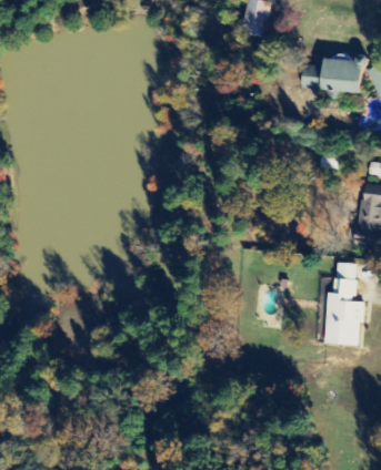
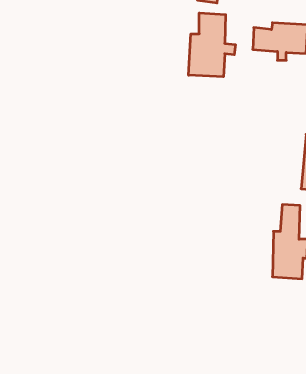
building: none -> [189,13,235,77]

